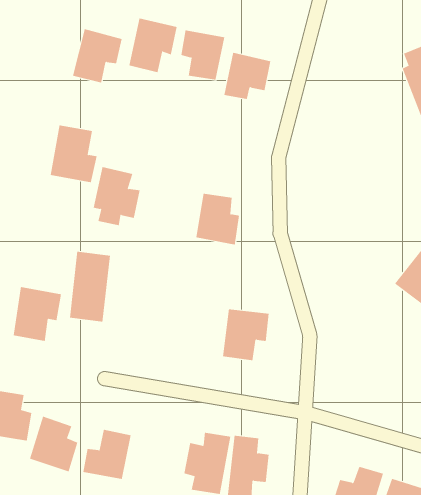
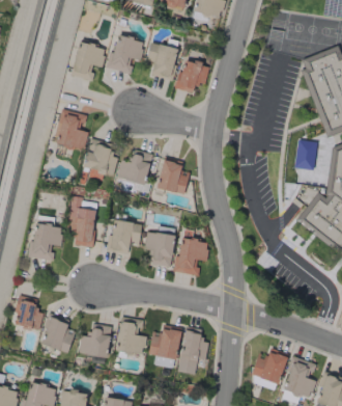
building: none -> [117,151,152,185]
building: none -> [110,221,141,252]
building: none -> [144,233,174,267]
building: none -> [116,321,145,355]

